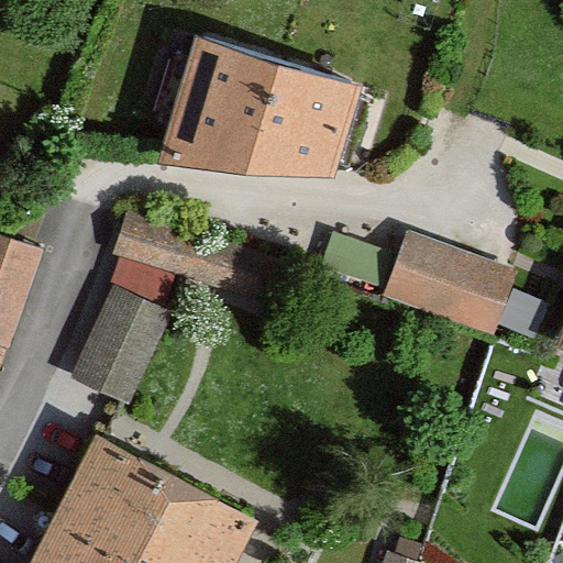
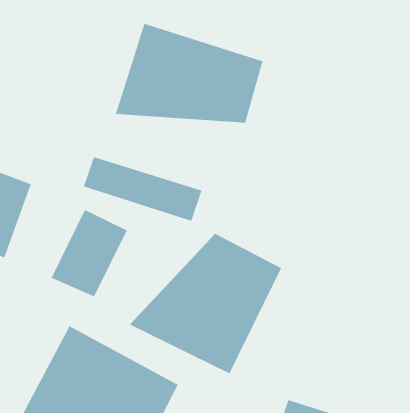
building: [386,234,508,330] -> none
building: none -> [129,233,282,374]

